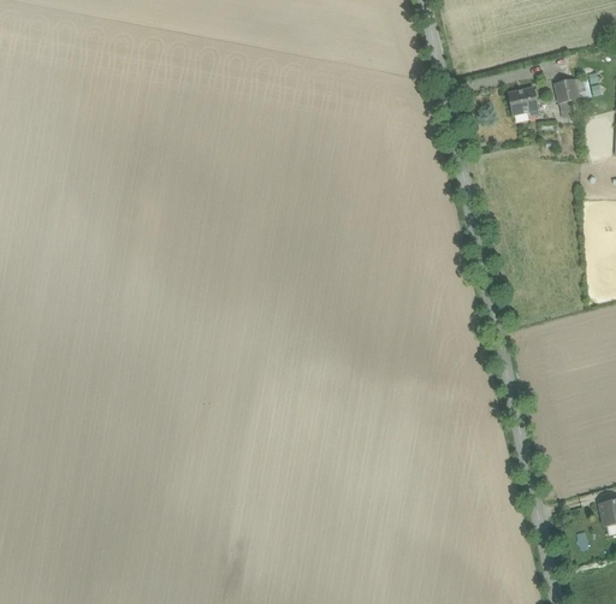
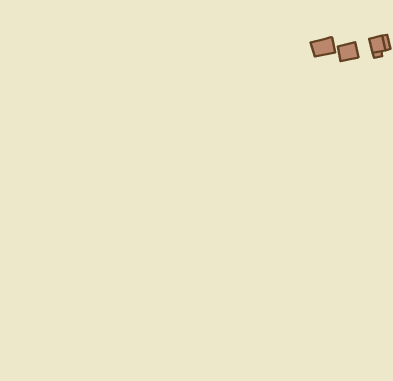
building: none -> [311,37,335,57]

